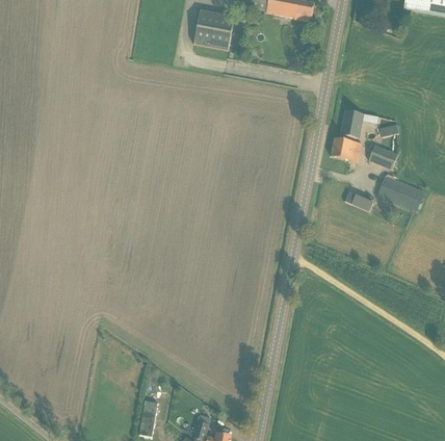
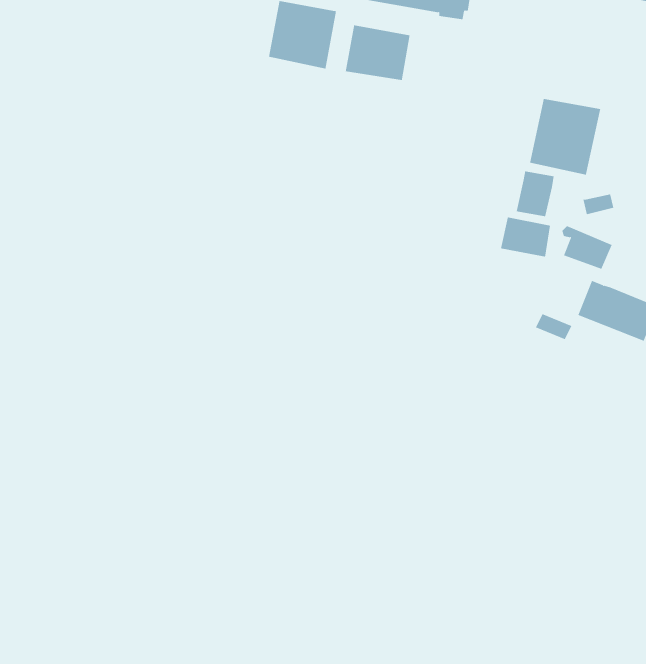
building: none -> [345,25,410,81]
building: none -> [530,98,601,176]

